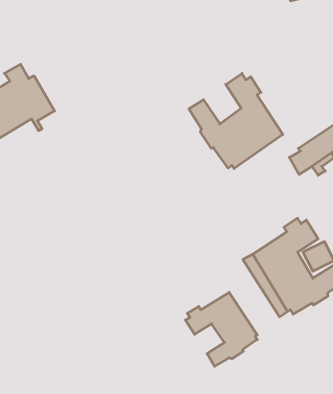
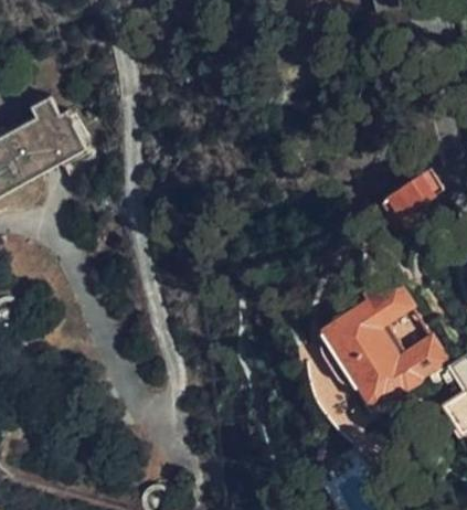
building: [189,73,283,169] -> none
building: [185,292,257,366] -> none

